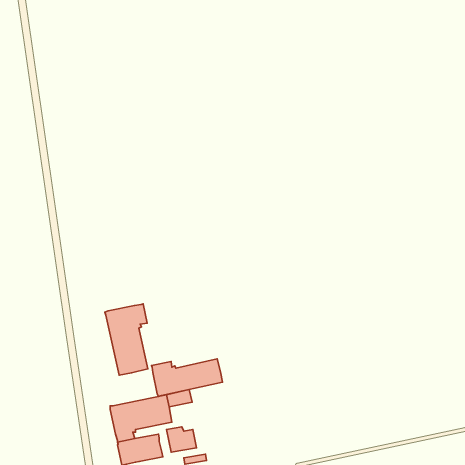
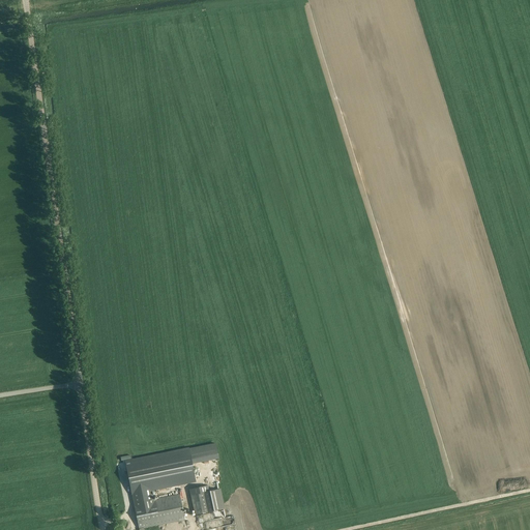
building: [105,304,148,375] -> none
building: [151,359,222,397] -> none

